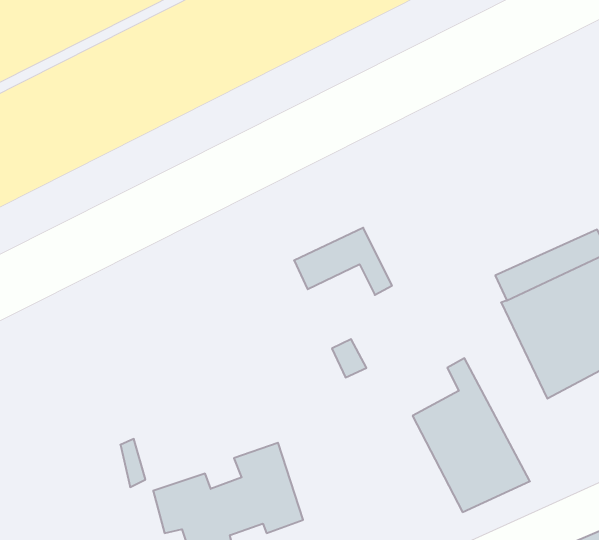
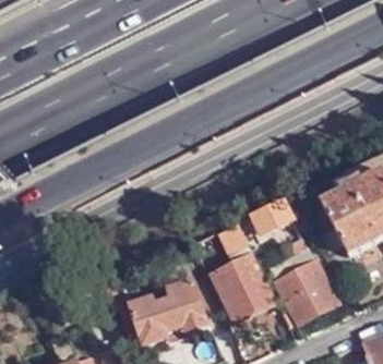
building: [294,228,392,295] -> [247,202,302,240]
building: none -> [213,254,279,321]

